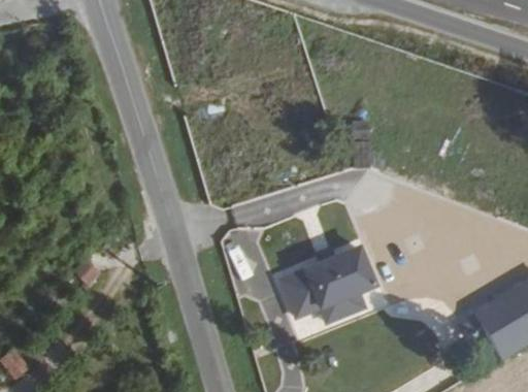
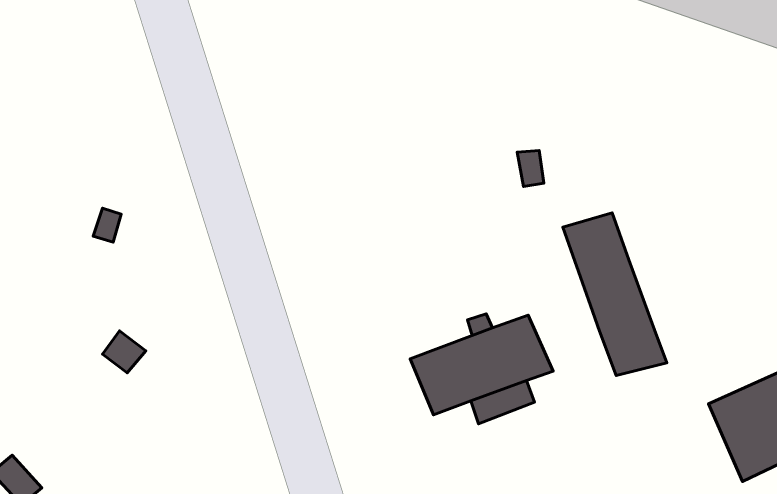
building: none -> [563,213,667,375]

